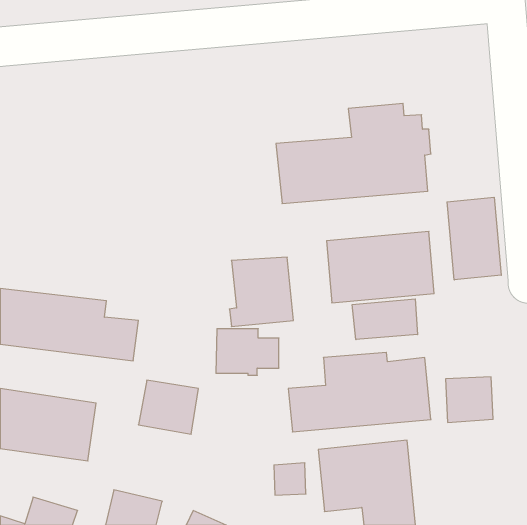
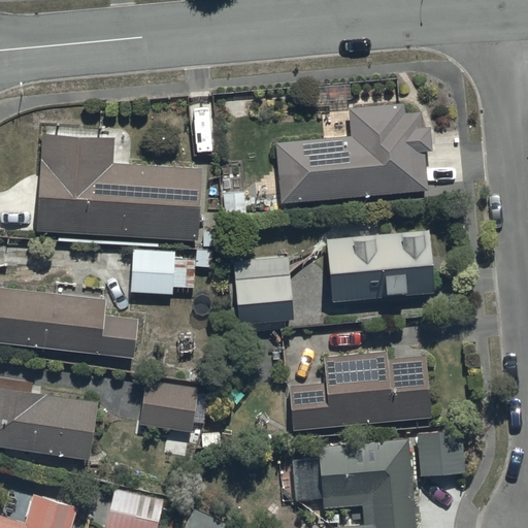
building: none -> [37,124,202,241]
building: [447,197,501,280] -> none
building: [352,299,418,340] -> none
building: [216,329,279,375] -> [132,250,195,296]
building: [446,377,493,422] -> [418,432,465,477]

